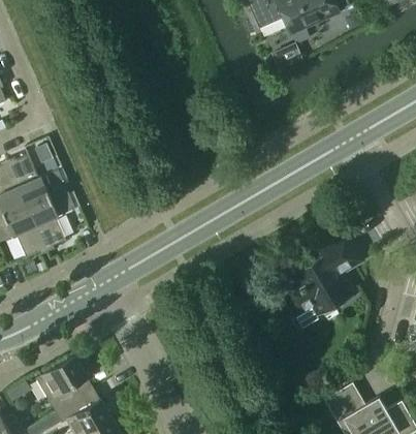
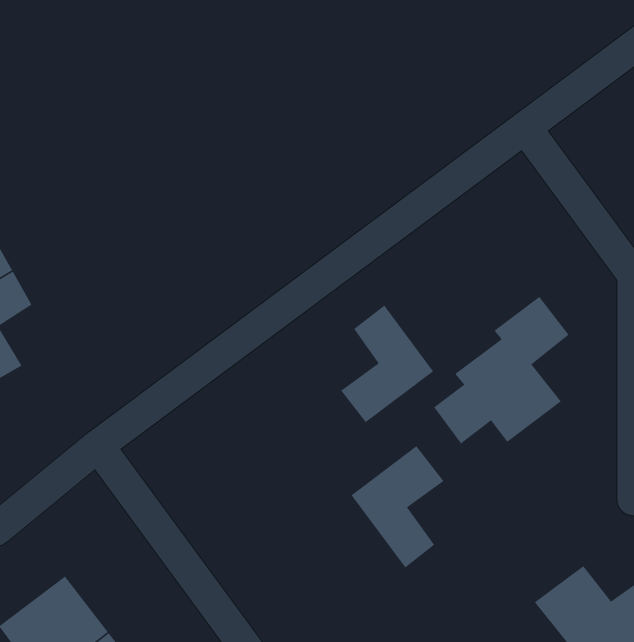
building: none -> [340,304,434,423]
building: none -> [351,445,444,568]

